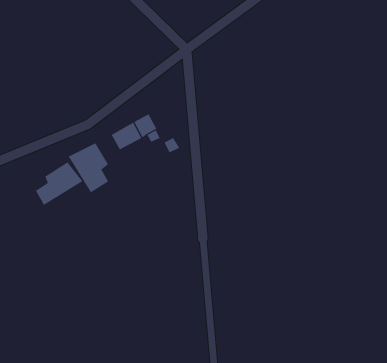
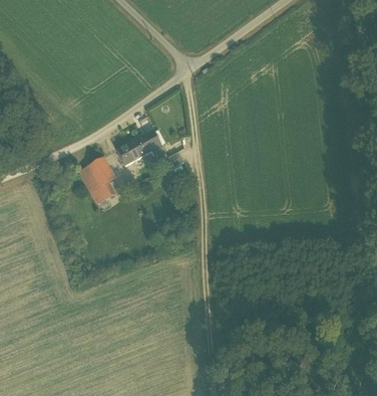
building: [35,162,83,206] -> none

